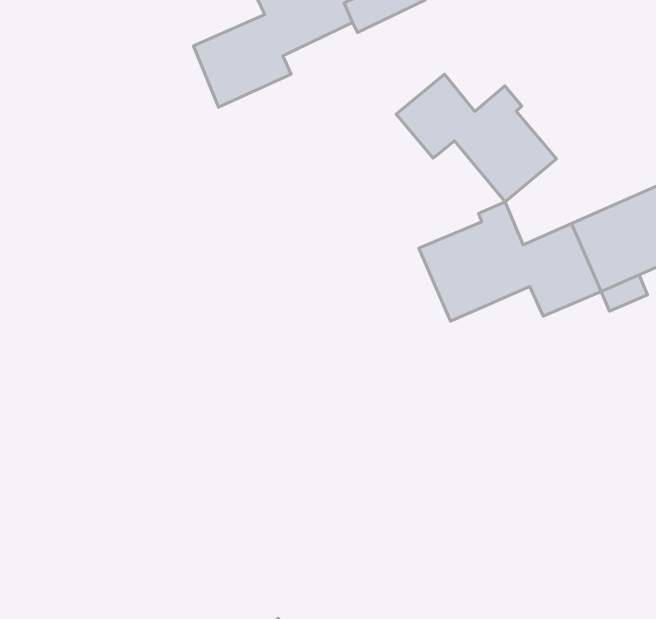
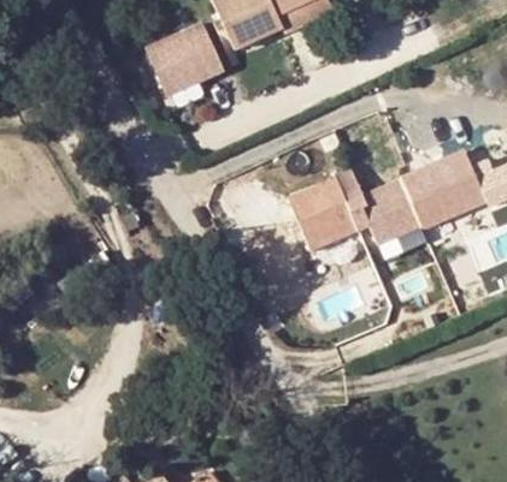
building: [396,74,556,202] -> none

